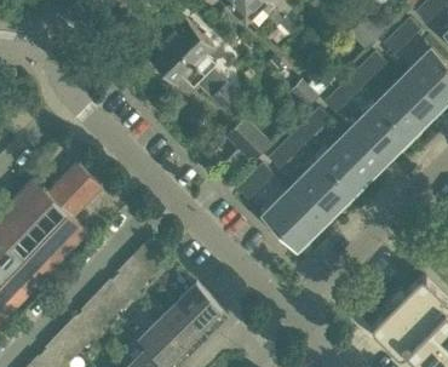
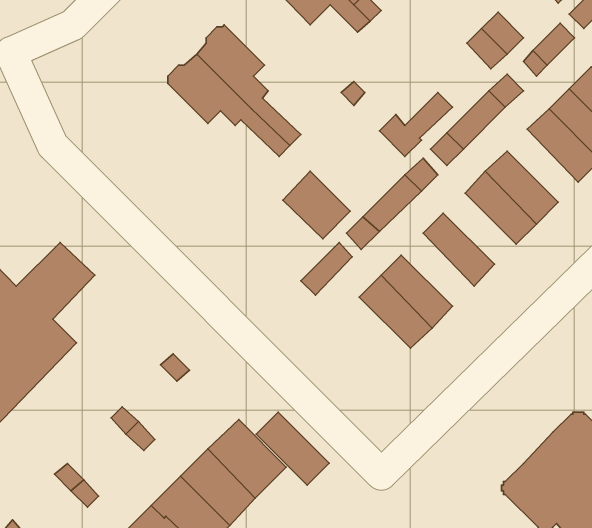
building: [374,91,421,139] -> none
building: [332,133,380,180] -> none
building: [304,160,352,208] -> none
building: [262,202,310,251] -> [256,412,329,485]

